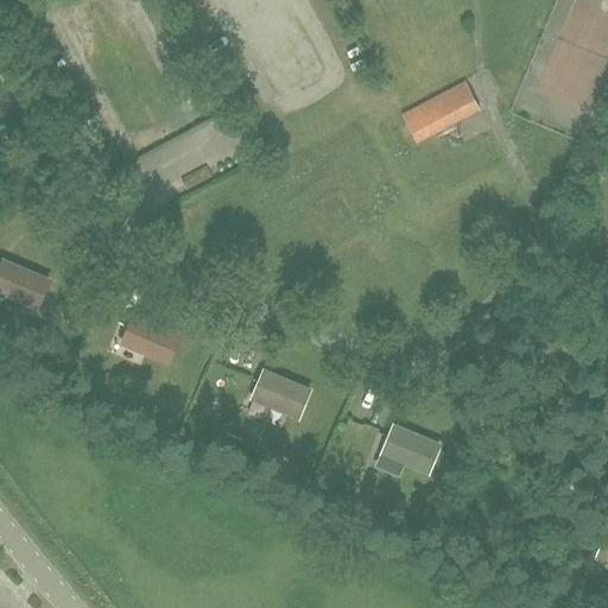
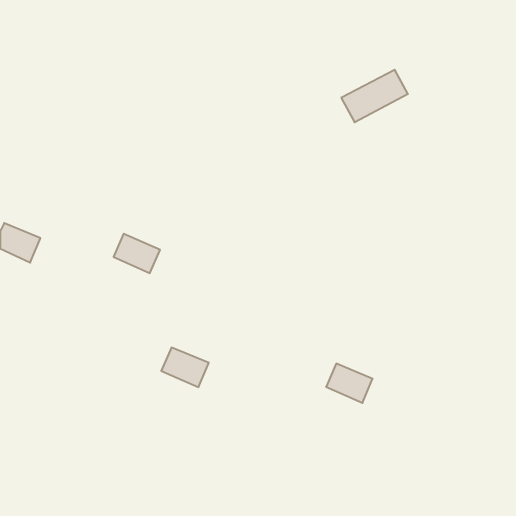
building: [124,317,178,363] -> [114,234,160,273]
building: [253,373,309,419] -> [161,348,209,387]

